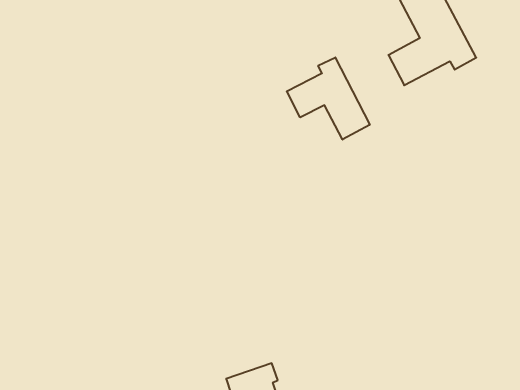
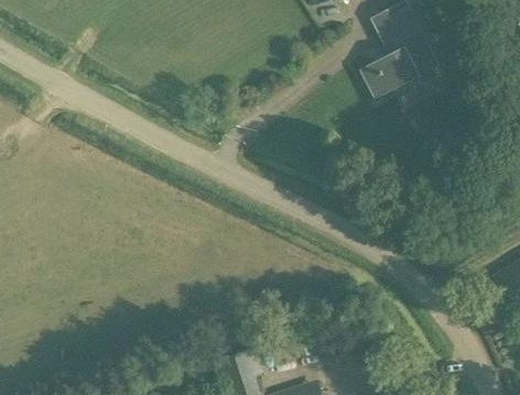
building: [287,57,370,140] -> none

